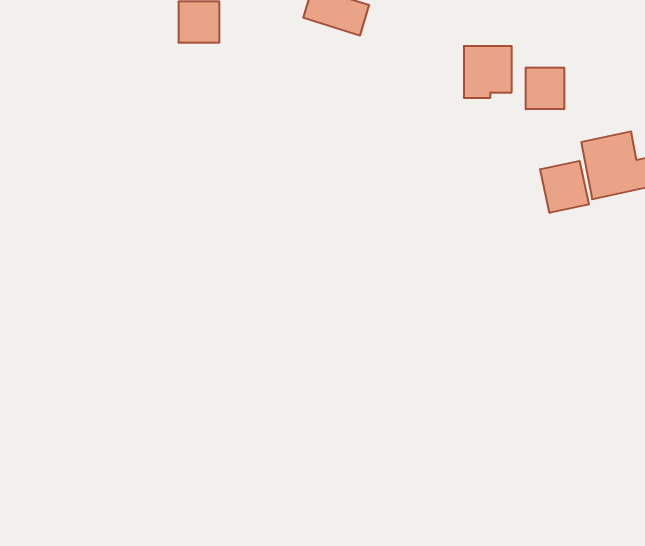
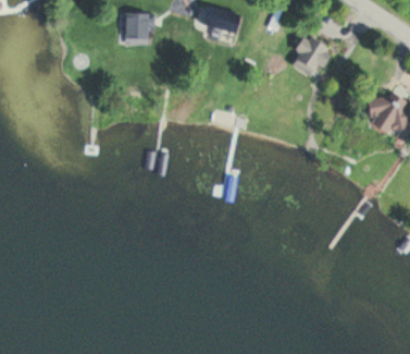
building: [526,68,564,109] -> none
building: [540,161,589,213] -> none

